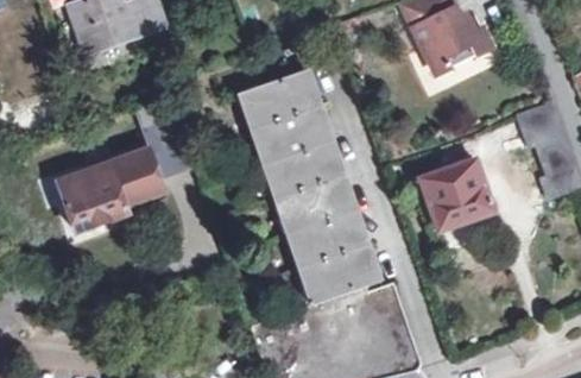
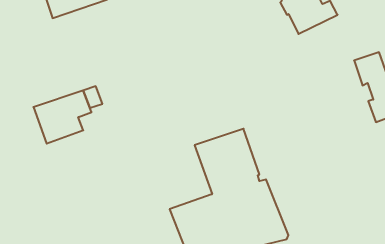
building: [239,70,356,234] -> none
building: [421,159,494,229] -> none

